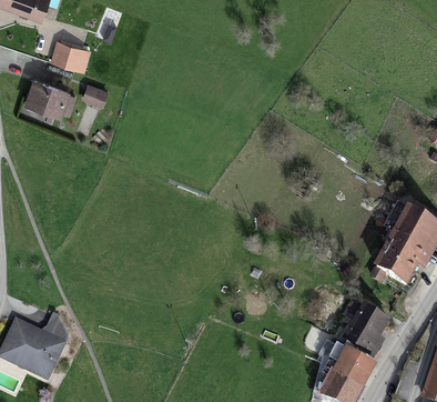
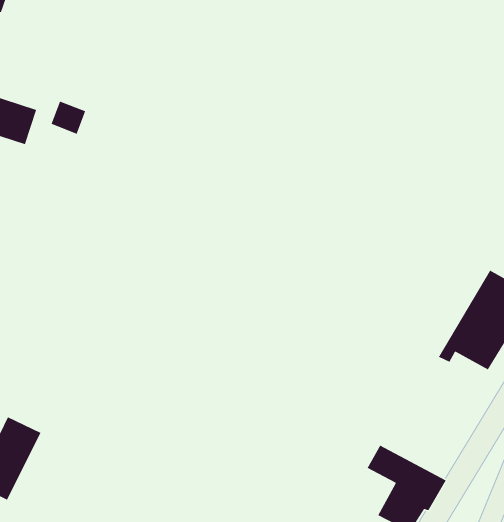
building: [47,39,89,72] -> none
building: [337,302,389,361] -> none

